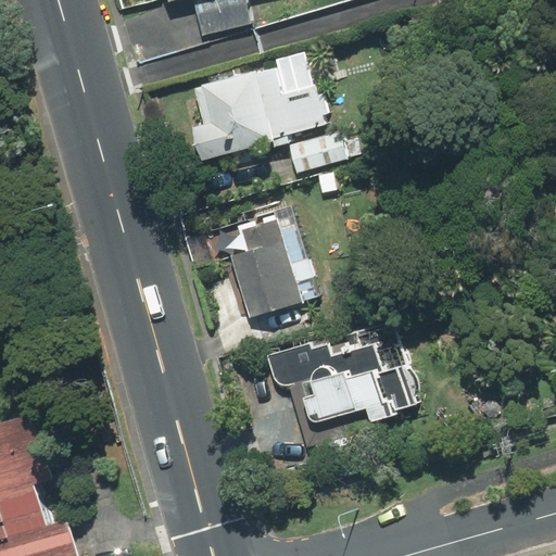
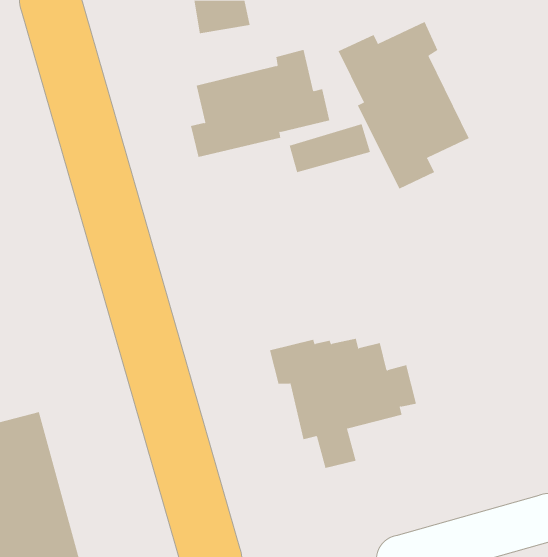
building: none -> [338,21,470,189]
building: [224,207,315,316] -> none

